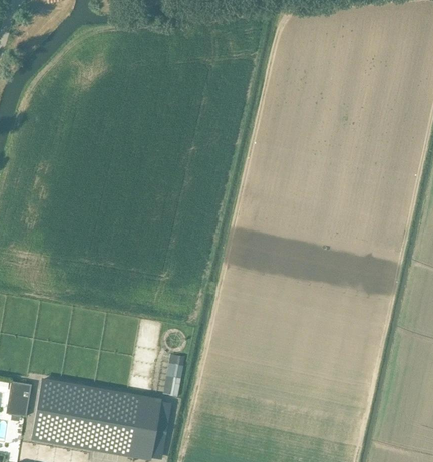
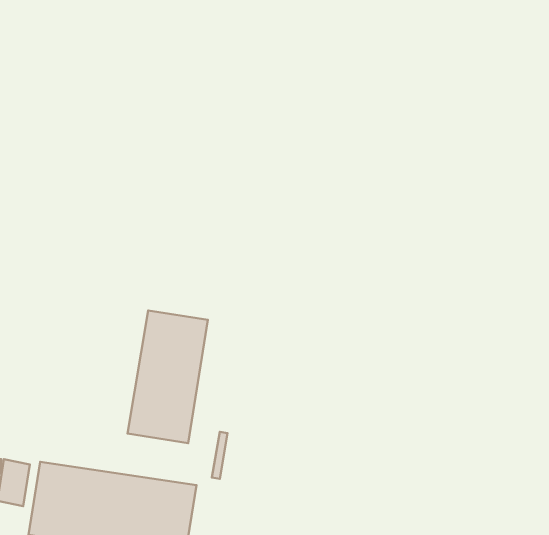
building: none -> [128,310,208,443]

